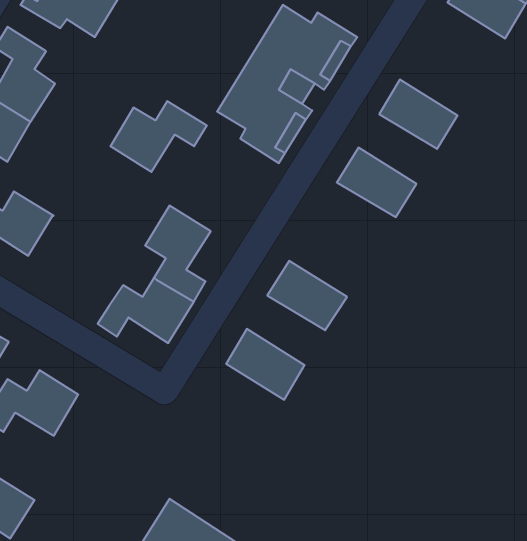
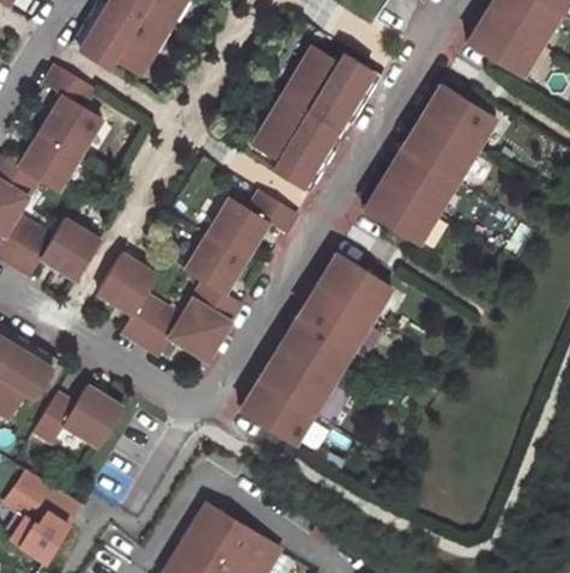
building: none -> [422,84,495,148]
building: [110,101,207,172] -> [207,190,297,256]
building: none -> [383,147,456,212]
building: none -> [319,252,392,317]
building: none -> [96,254,164,342]
building: none -> [279,316,352,380]
building: none -> [239,379,314,444]

